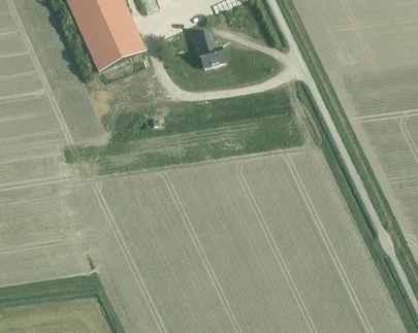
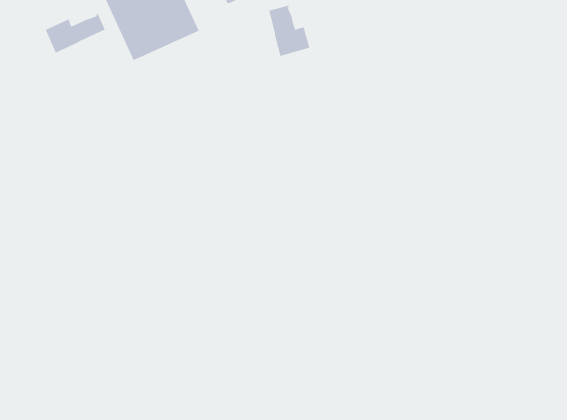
building: none -> [45,13,106,54]

